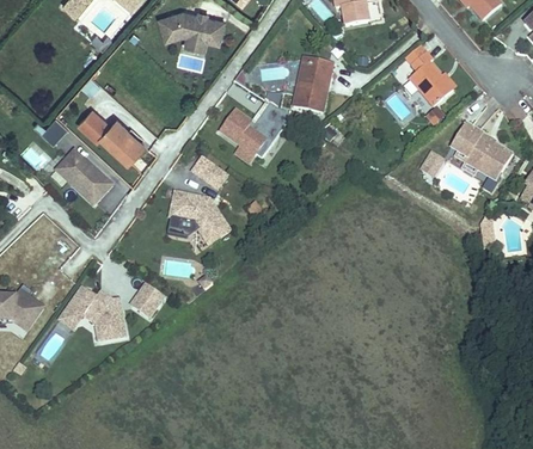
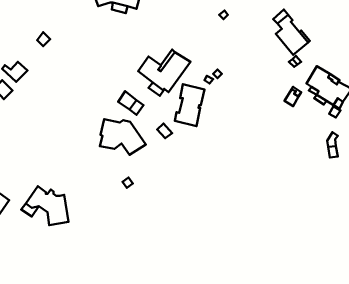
building: [293,56,333,113] -> [175,84,204,126]
building: [78,110,143,162] -> none
building: [56,150,112,205] -> none
building: [131,285,163,318] -> none

